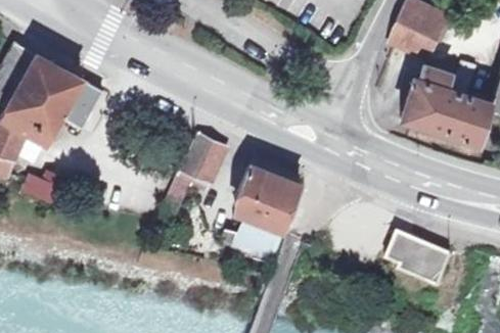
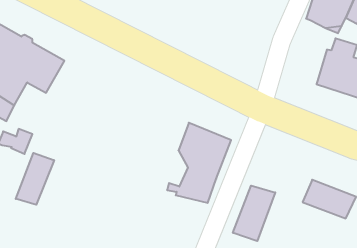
building: [156,133,226,224] -> none
building: none -> [16,153,54,205]
building: none -> [233,186,275,241]

